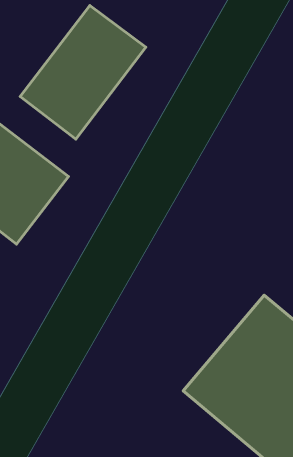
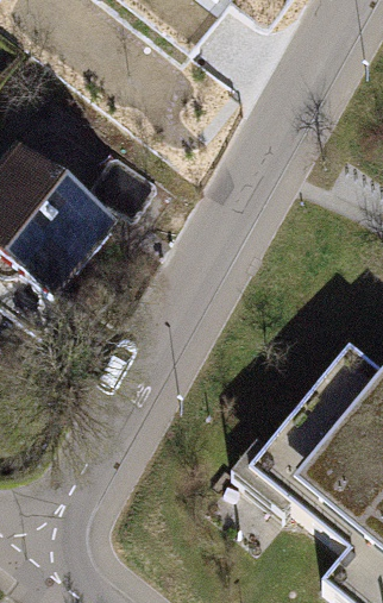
building: [20,5,146,139] -> none

